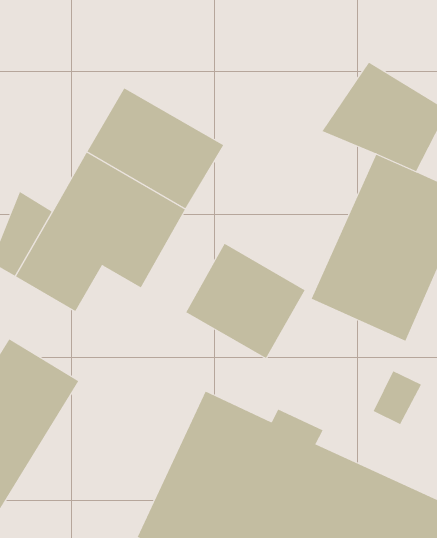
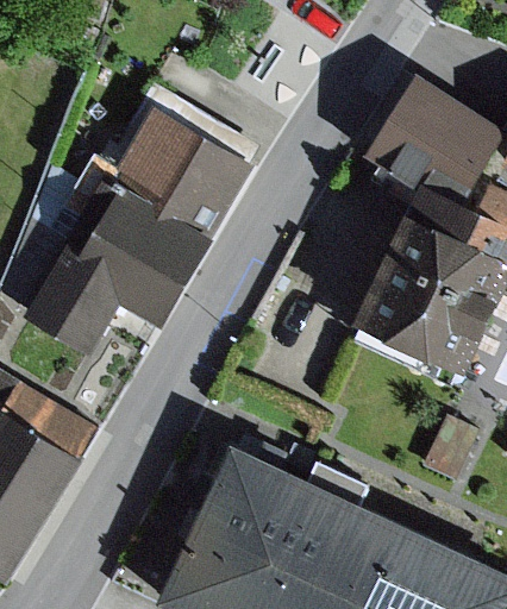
building: [186,243,305,359] -> none

